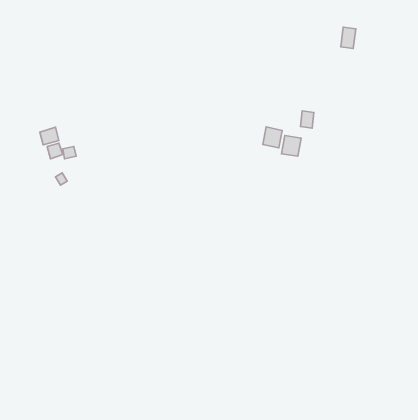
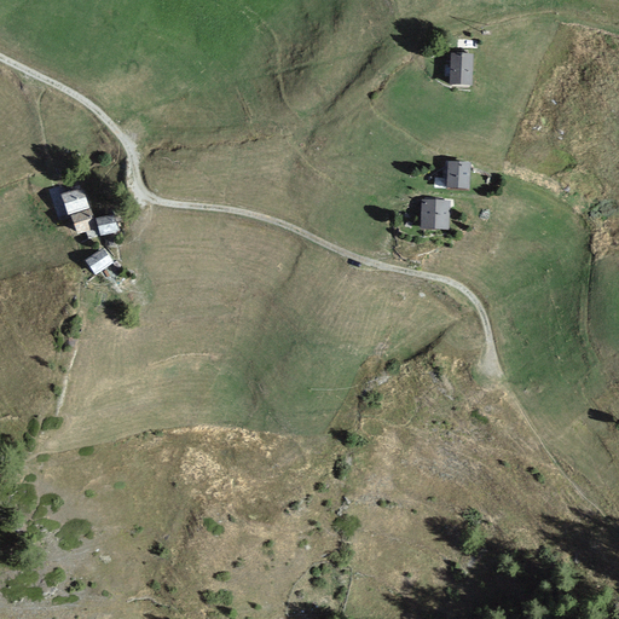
building: [341,27,356,49] -> [450,56,472,87]
building: [263,127,282,148] -> none

